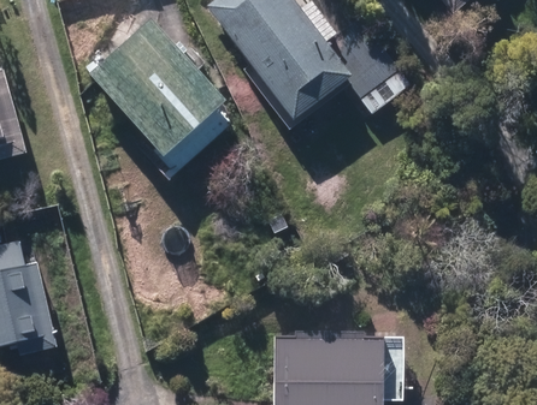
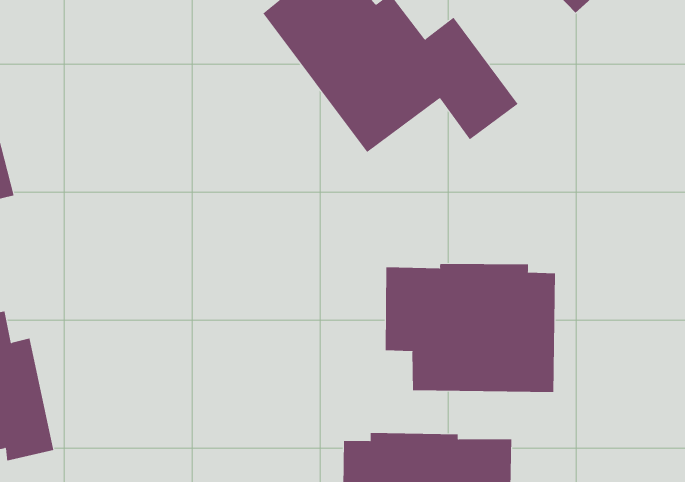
building: [88,19,223,156] -> none
building: none -> [385,263,555,393]

